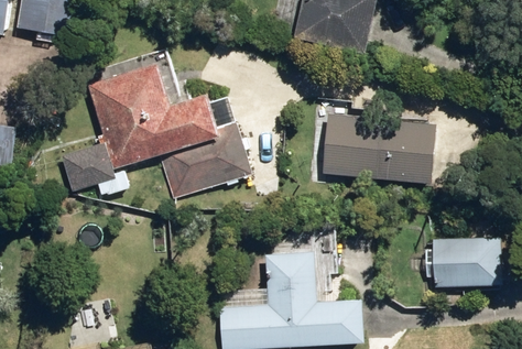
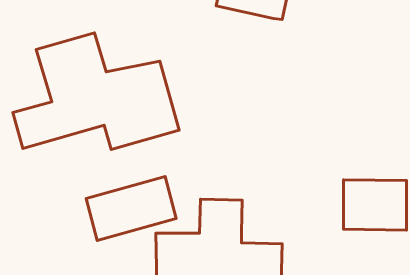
building: [326,114,434,174] -> none
building: none -> [86,176,176,241]

